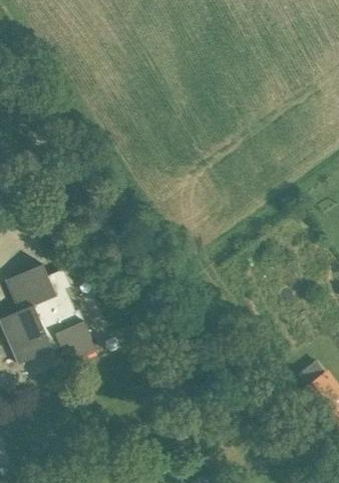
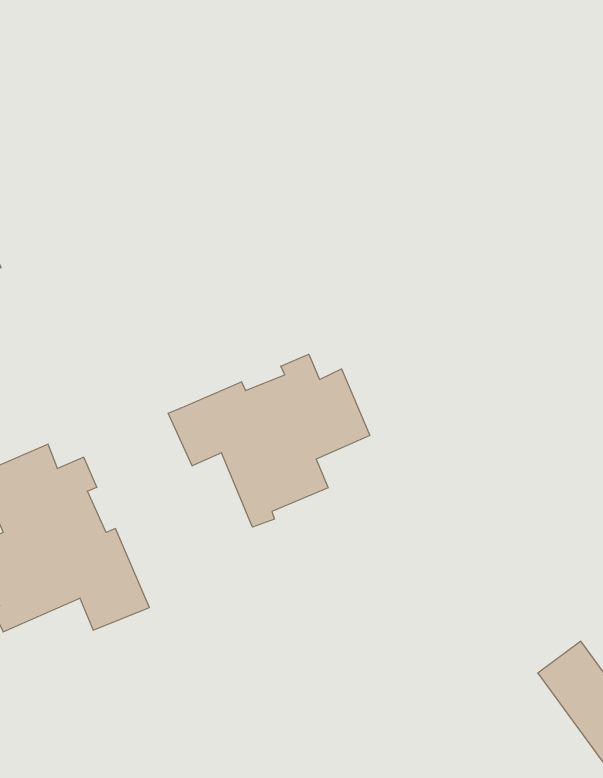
building: none -> [168,354,370,527]

